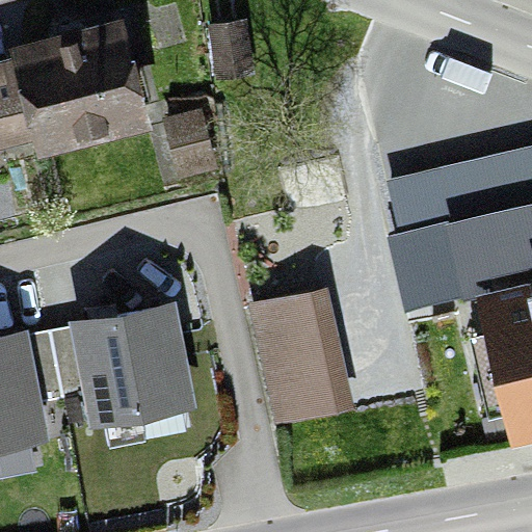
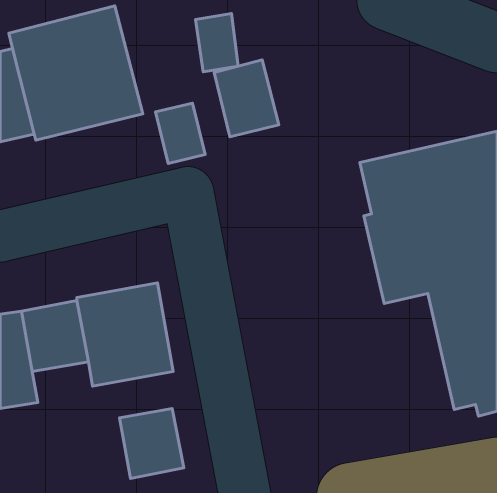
building: none -> [214,60,279,137]
building: [248,285,356,427] -> none
building: none -> [120,409,184,479]

